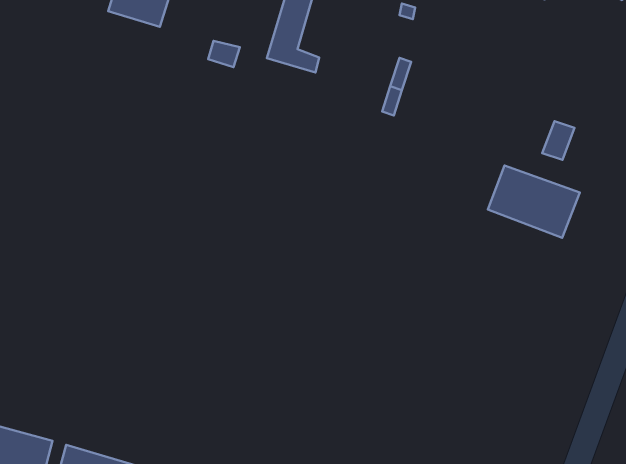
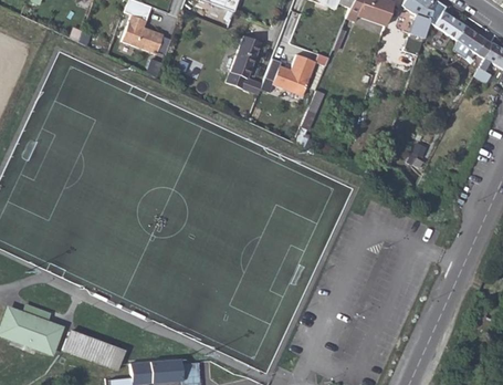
building: none -> [264,53,315,95]
building: [488,166,580,238] -> none

